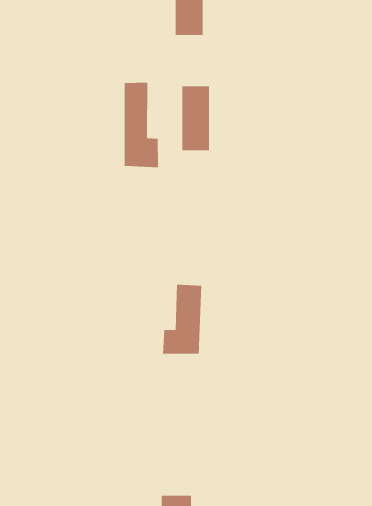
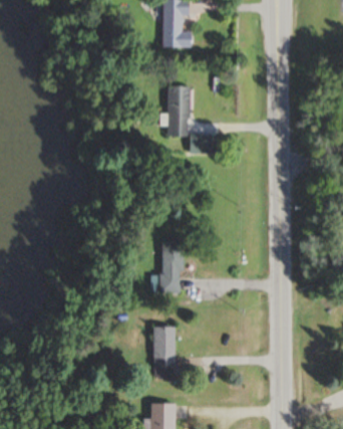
building: [124,82,158,168] -> none
building: none -> [154,327,177,378]

